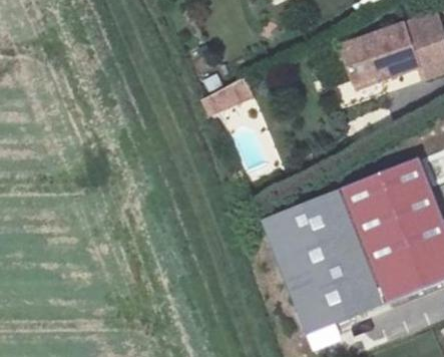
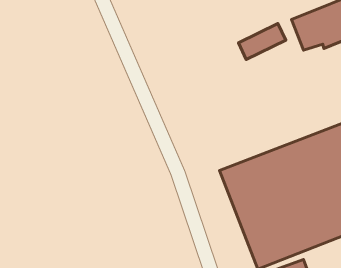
building: [199,76,254,117] -> [238,23,286,59]

